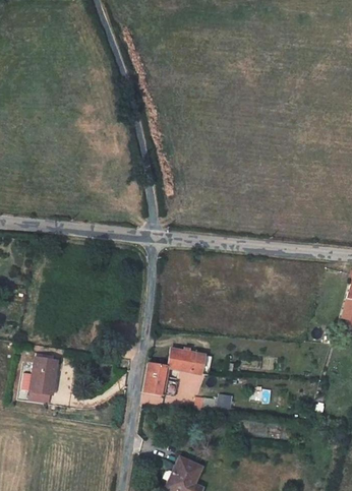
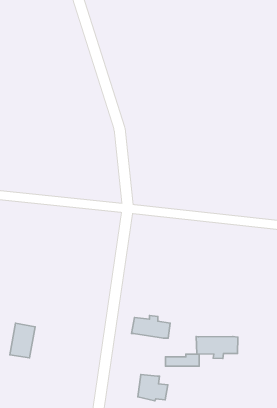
building: [140,367,173,395] -> [138,374,168,401]
building: none -> [196,336,238,358]

